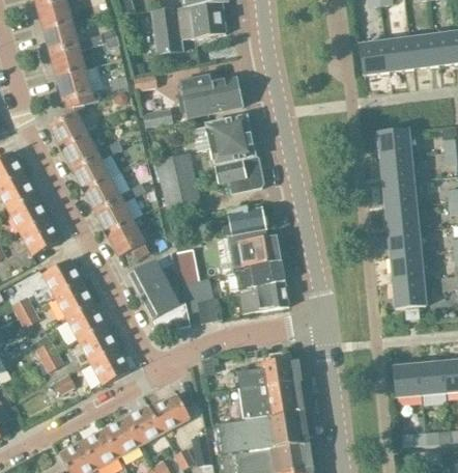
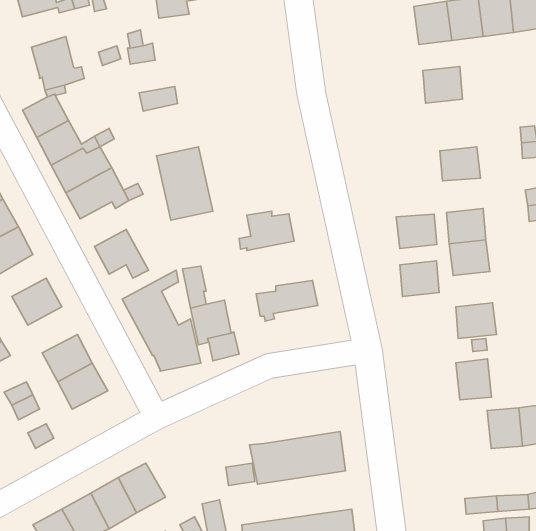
building: [51,45,85,76] -> none
building: [180,74,242,117] -> none
building: [205,114,263,193] -> none
building: [378,129,409,158] -> [423,67,462,103]
building: [382,179,414,206] -> [396,214,437,248]
building: [96,198,133,233] -> none
building: [228,229,280,268] -> none
building: [391,253,422,281] -> [400,261,439,296]
building: [240,280,288,313] -> none
building: [55,281,94,317] -> none
building: [90,347,130,385] -> none
building: [238,359,302,389] -> none
building: [393,363,421,395] -> [456,359,491,400]
building: [148,394,191,432] -> none
building: [219,411,311,453] -> none

